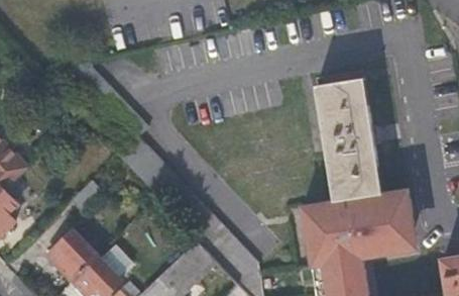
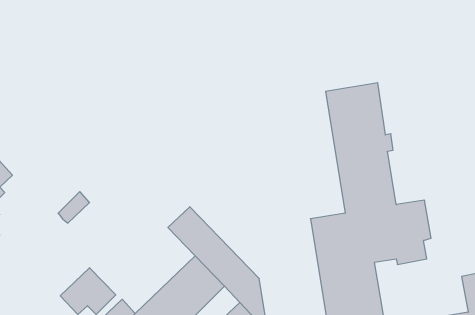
building: [47,228,98,278] -> none

